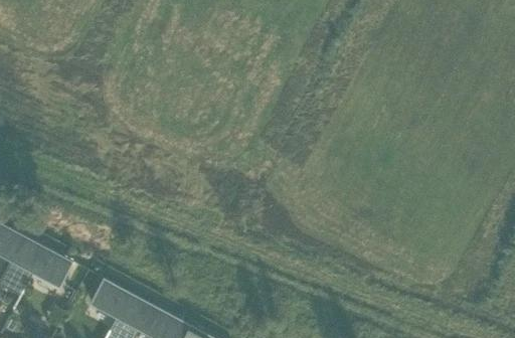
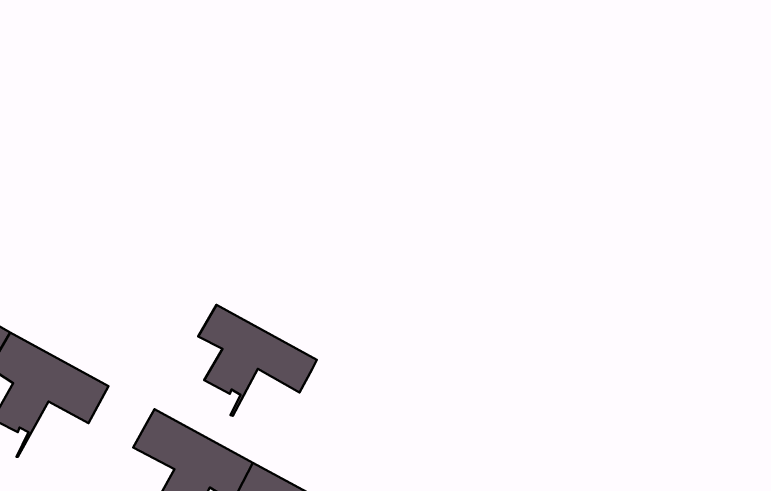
building: none -> [198,305,317,416]

